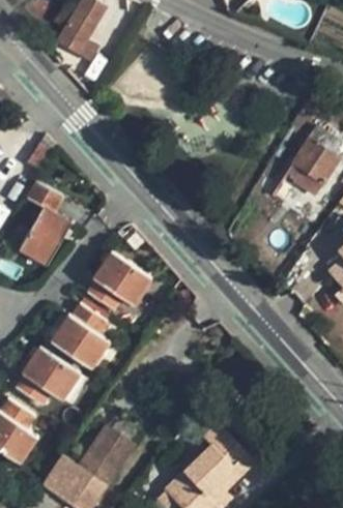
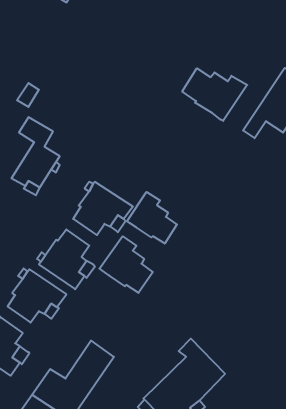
building: none -> [182,68,247,121]
building: none -> [127,192,177,244]
building: none -> [99,236,153,293]

